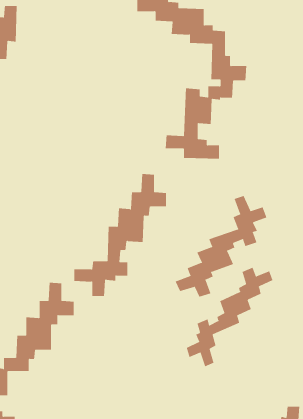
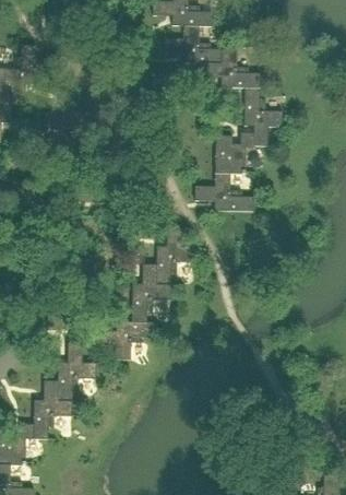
building: [175,195,267,298] -> none
building: [186,267,273,367] -> none

